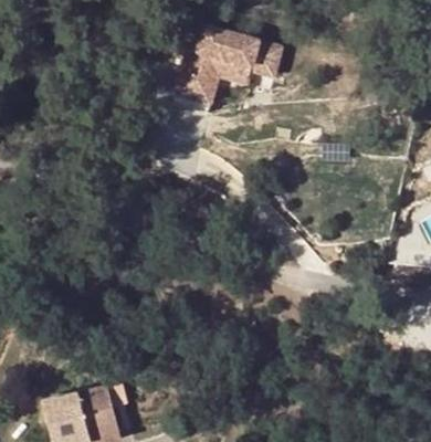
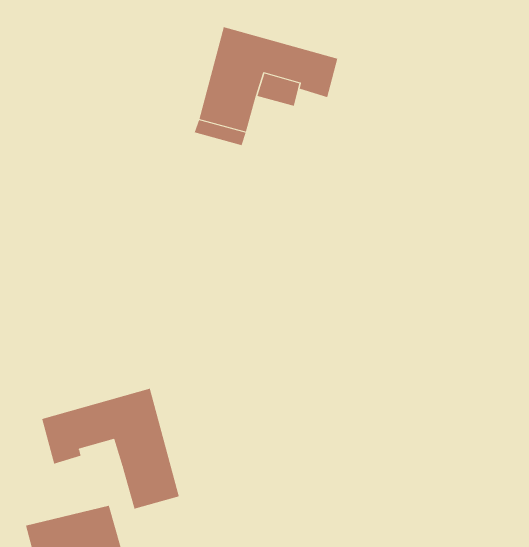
building: none -> [42,388,180,509]

